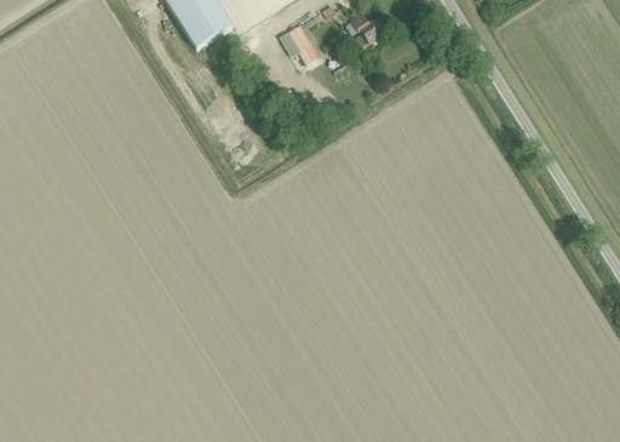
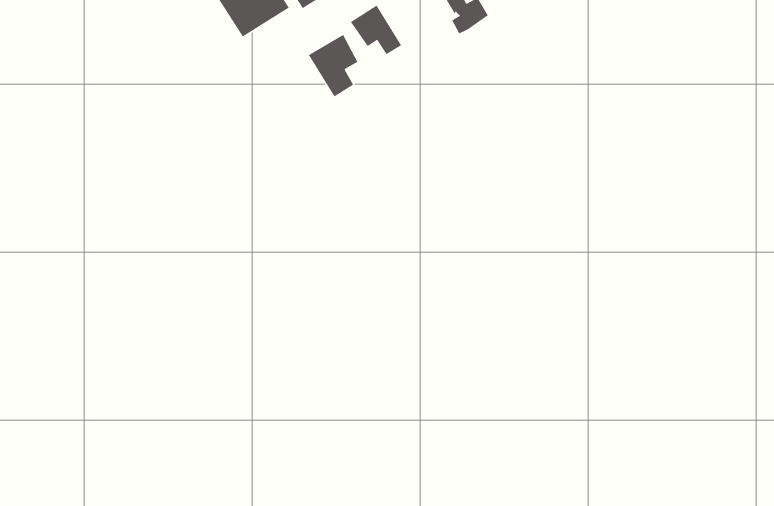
building: none -> [308,34,358,97]

